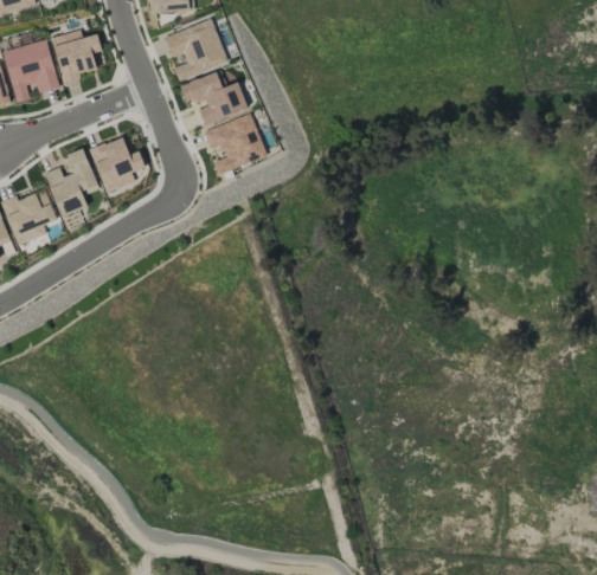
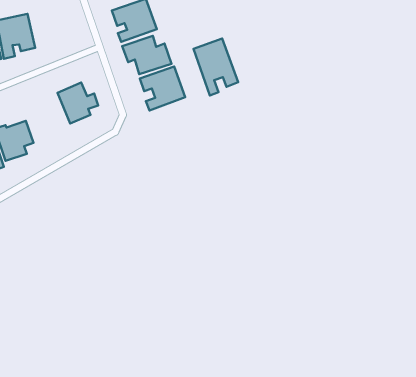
building: [51,30,102,84] -> none
building: none -> [194,39,238,95]
building: [44,150,100,217] -> none

